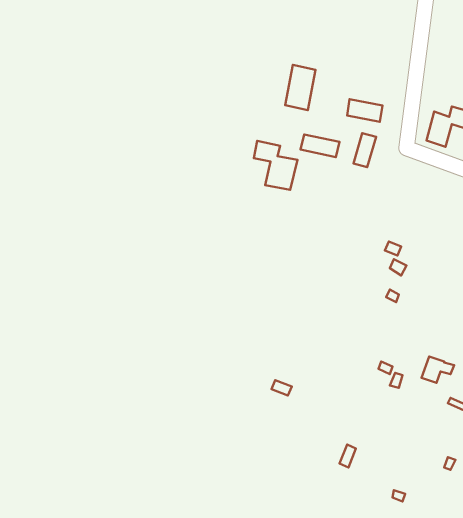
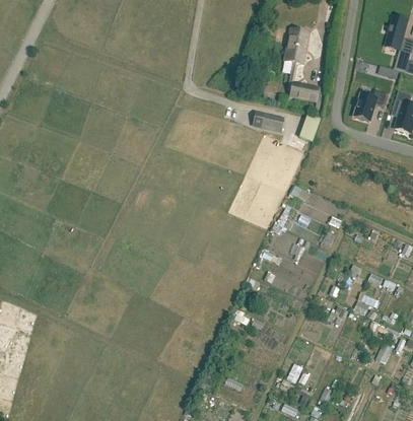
building: [285,65,315,110] -> [285,28,309,65]
building: [254,141,298,190] -> none

